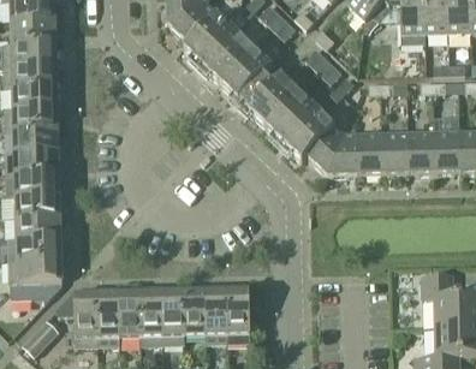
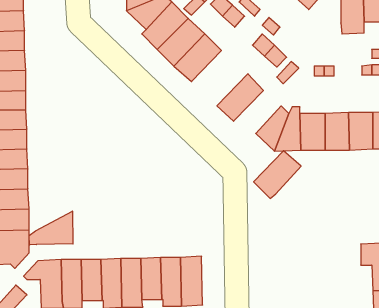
building: [246,72,298,124] -> none
building: [282,107,334,159] -> [254,151,301,198]
building: none -> [29,211,73,245]

